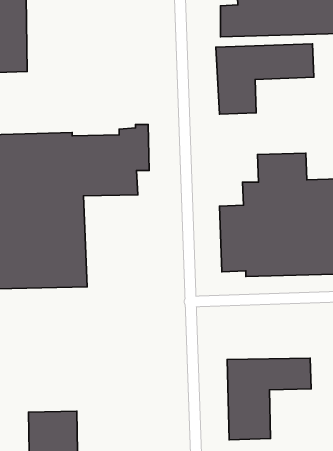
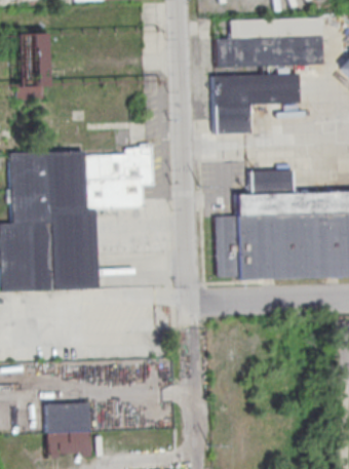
building: [227,358,311,440] -> none

